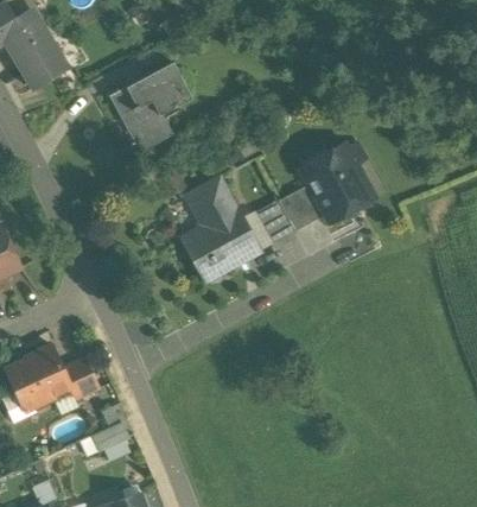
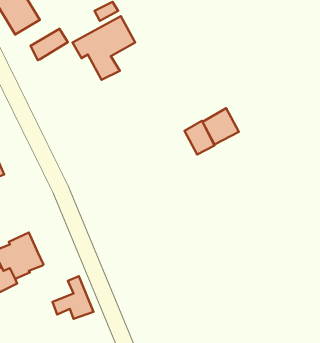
building: none -> [30,29,68,60]
building: [306,147,371,220] -> none
building: [185,179,256,279] -> none
building: [63,361,96,400] -> none

